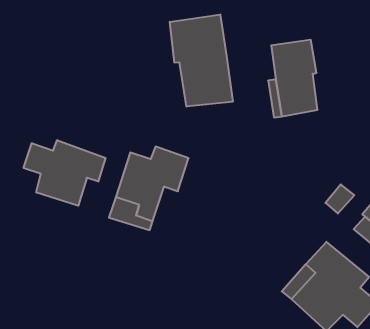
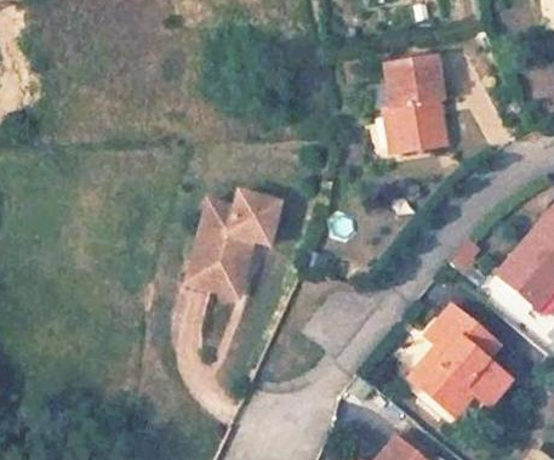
building: [170,14,233,107] -> none
building: [24,140,106,206] -> none

